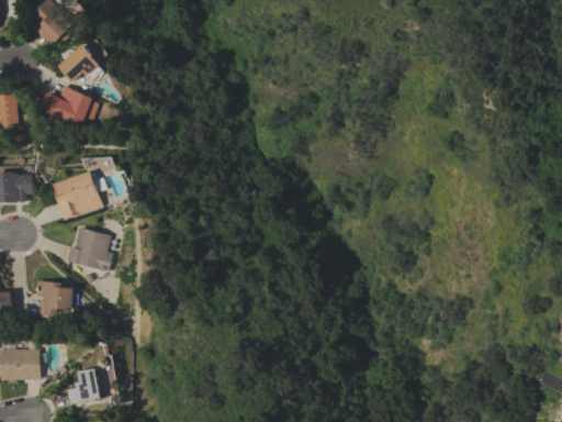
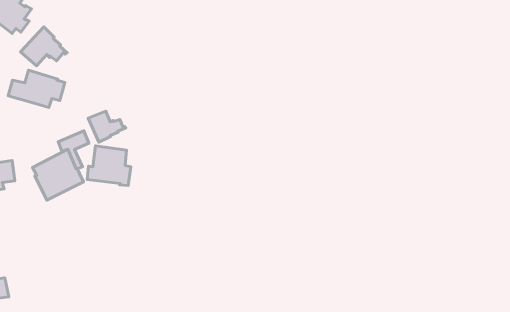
building: none -> [88,111,126,142]
building: [66,226,112,271] -> [87,146,131,186]
building: [35,280,72,318] -> none

